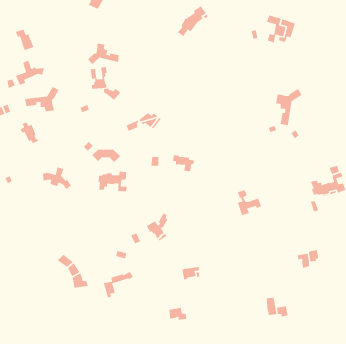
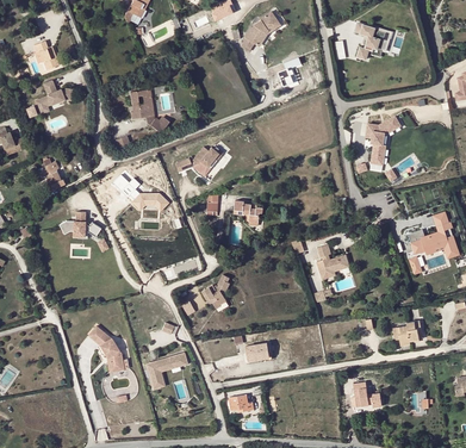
building: [87,42,120,65] -> none
building: [24,86,59,112] -> none
building: [97,170,127,192] -> none

